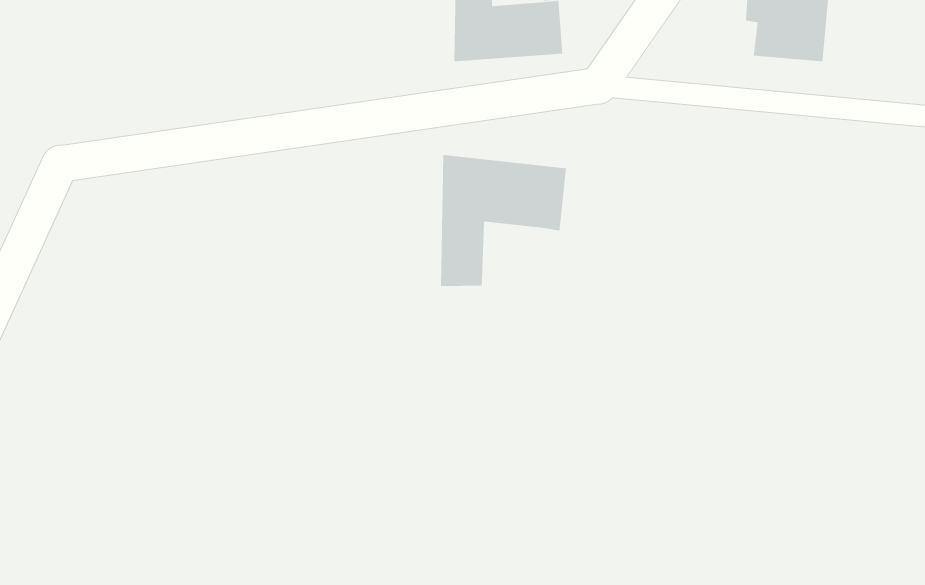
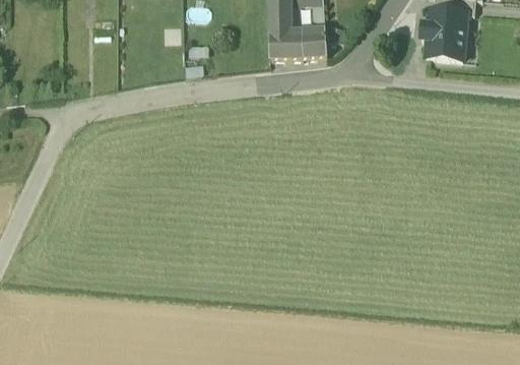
building: [440,154,567,287] -> none

